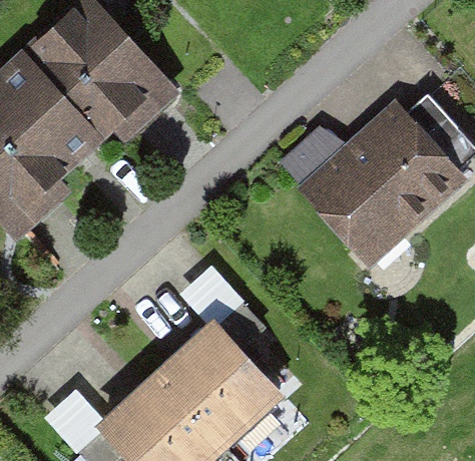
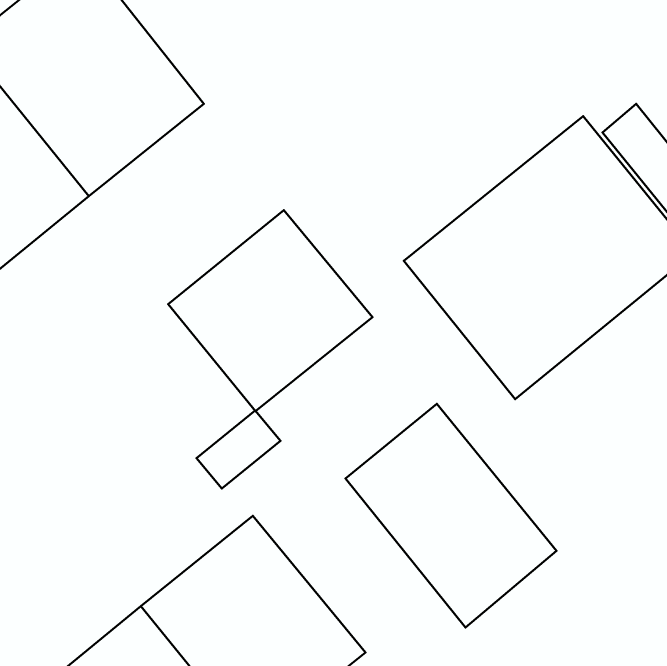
building: none -> [168,210,373,411]
building: none -> [346,404,557,627]

